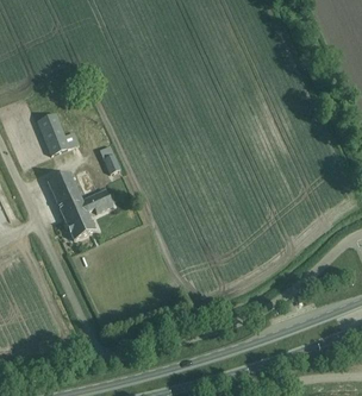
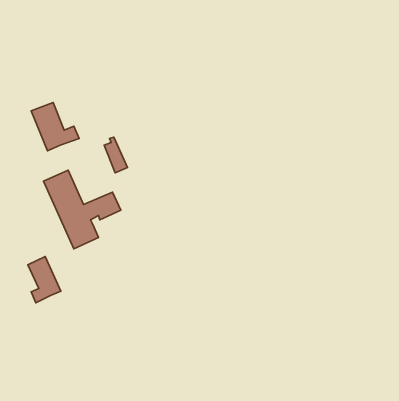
building: none -> [28,256,61,303]

